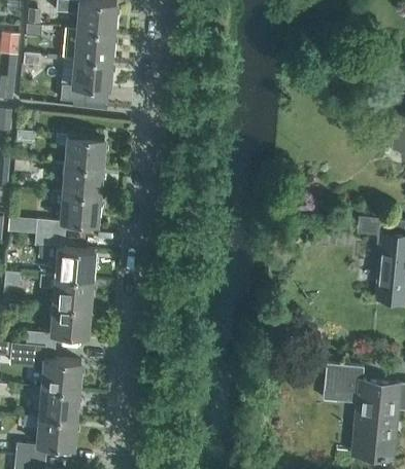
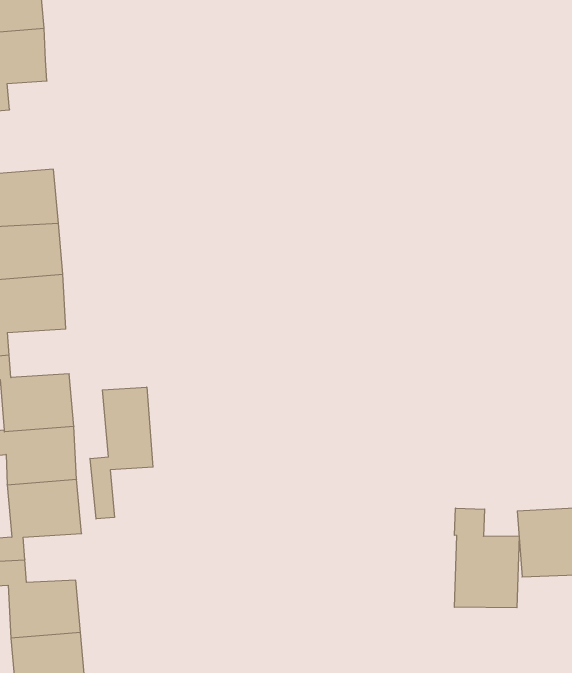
building: none -> [90,387,153,519]
building: none -> [454,508,519,608]

